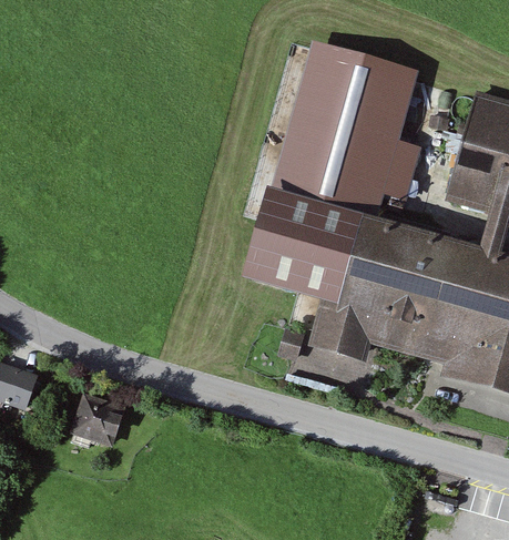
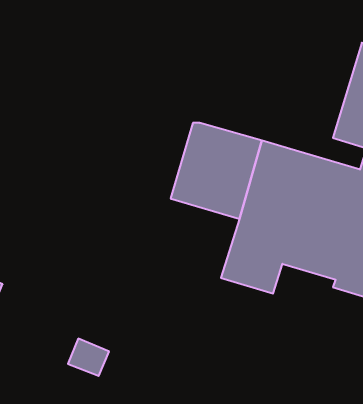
building: [277,40,427,212] -> none
building: [77,395,125,439] -> [68,339,109,376]

